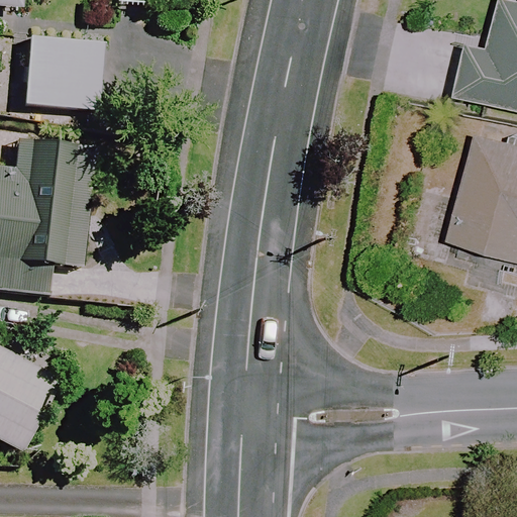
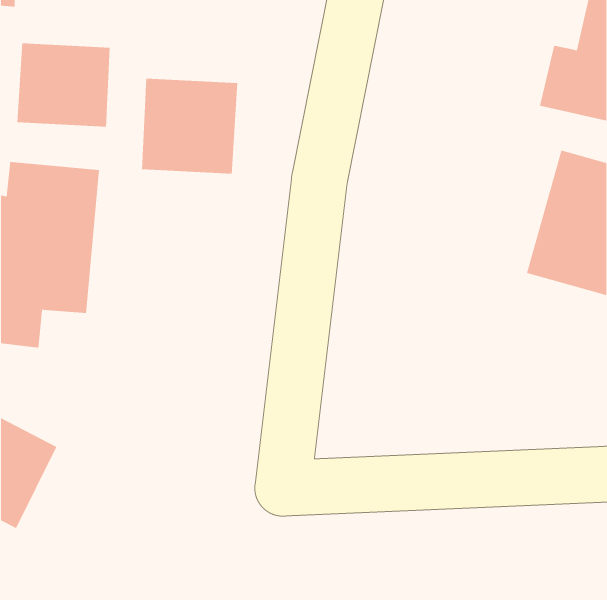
building: none -> [142,78,238,175]

